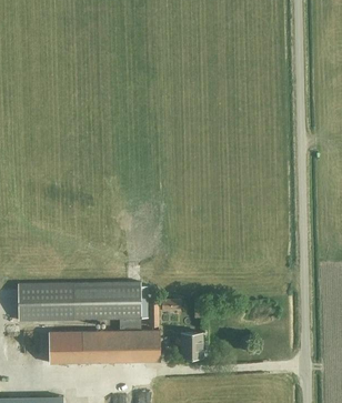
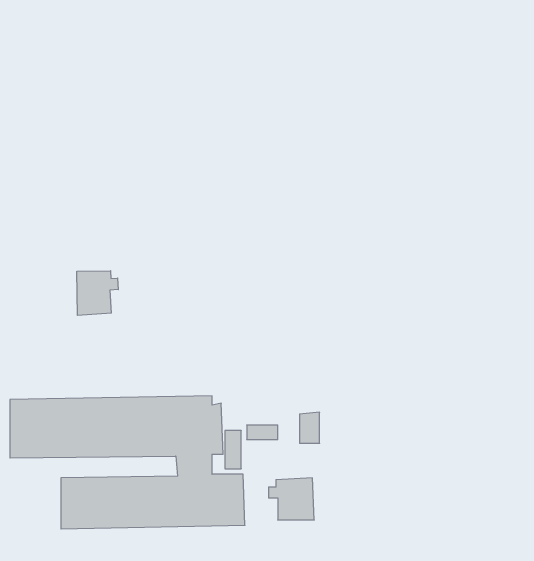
building: none -> [77,271,118,315]

